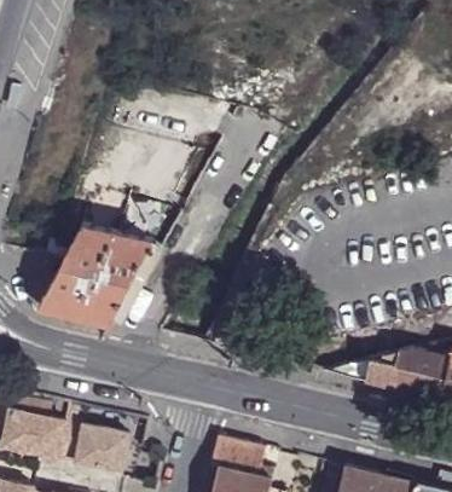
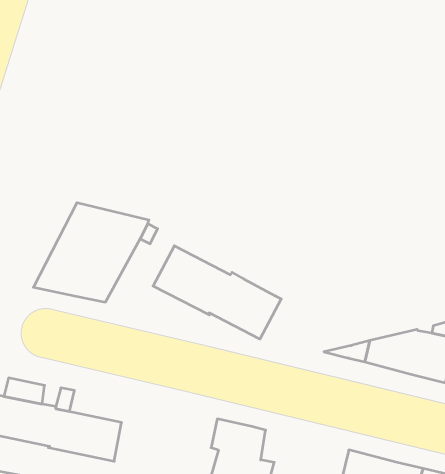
building: none -> [153,246,281,339]

